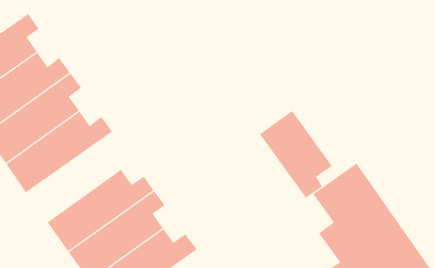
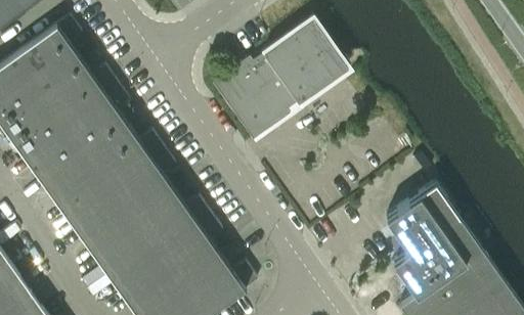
building: none -> [214,19,345,138]
building: [259,110,332,199] -> none
building: none -> [66,149,174,251]

